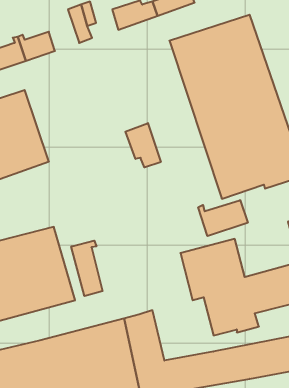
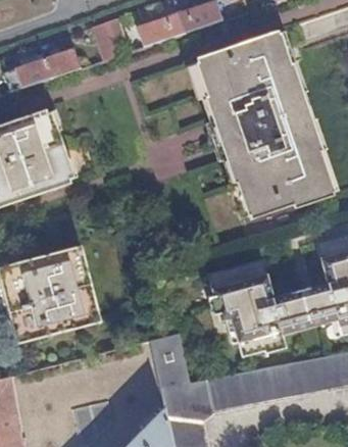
building: [125,123,161,167] -> none
building: [198,200,248,236] -> none
building: [71,241,103,296] -> none

